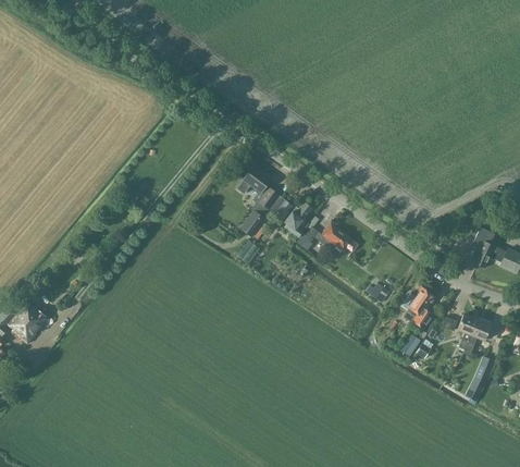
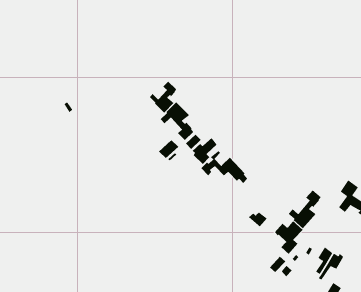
building: none -> [149,81,177,113]
building: none -> [288,189,322,229]

